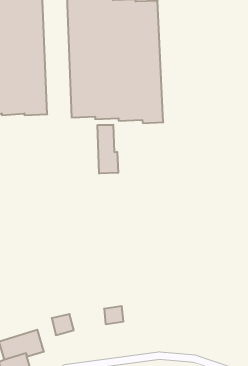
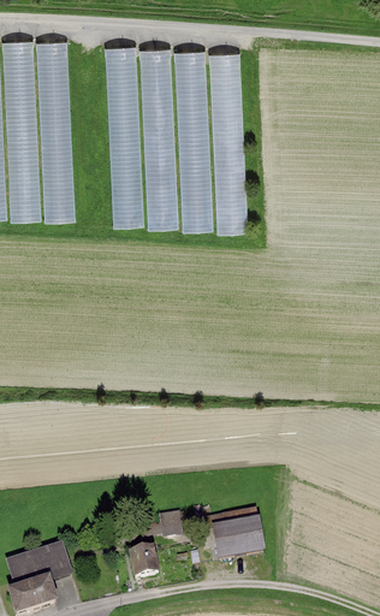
building: [98,125,118,174] -> none
building: none -> [209,519,261,561]
building: [52,314,74,335] -> [124,547,156,579]

